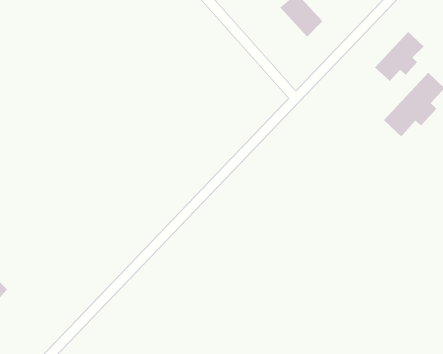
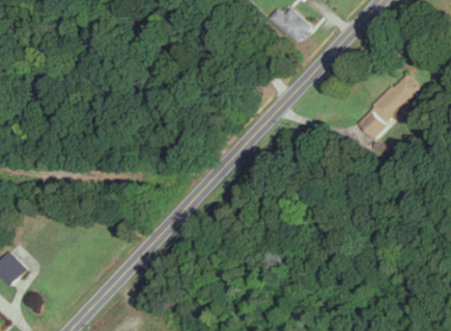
building: [374,31,425,82] -> none

